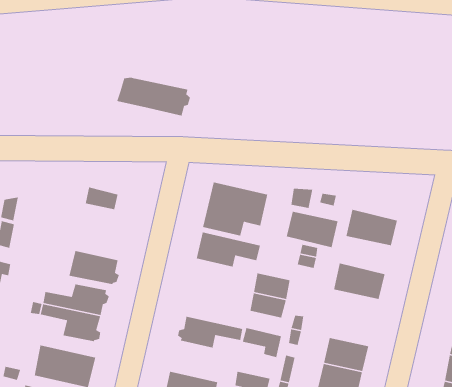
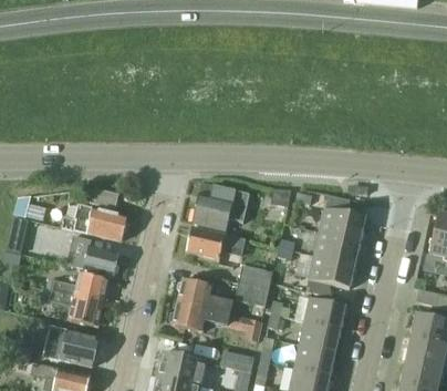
building: [116,77,191,117] -> [61,204,127,239]
building: [286,211,338,248] -> [313,230,360,264]
building: none -> [176,278,230,312]
building: none -> [304,296,345,328]

